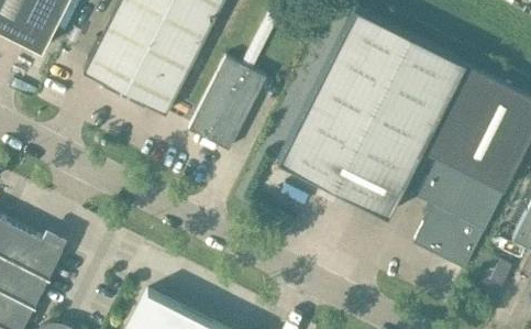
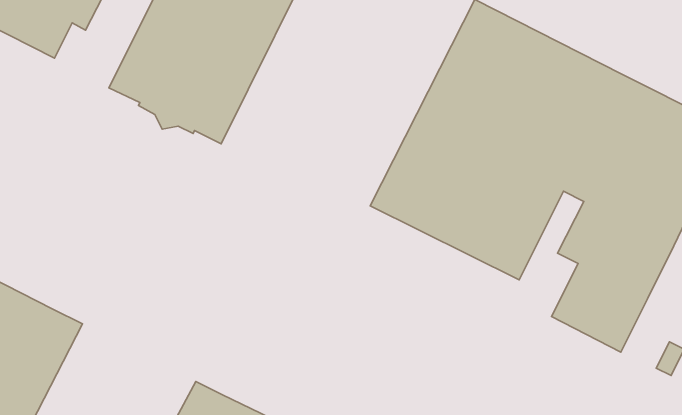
building: [188,13,279,152] -> none

